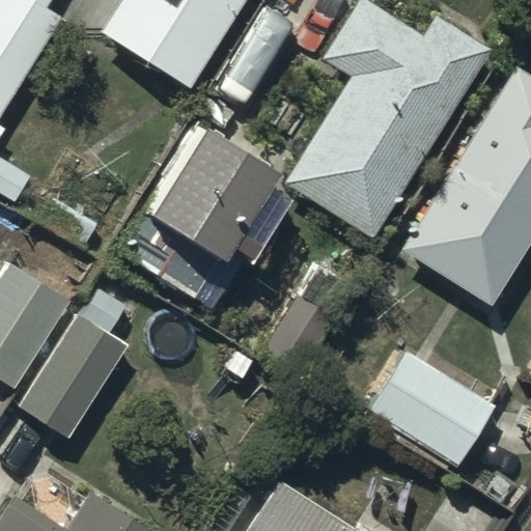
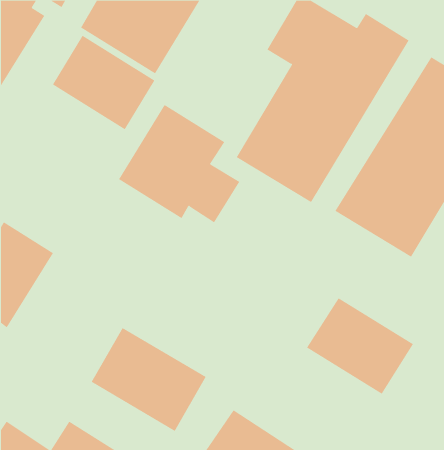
building: none -> [52,35,155,130]
building: [22,287,144,436] -> none
building: none -> [91,327,207,432]

